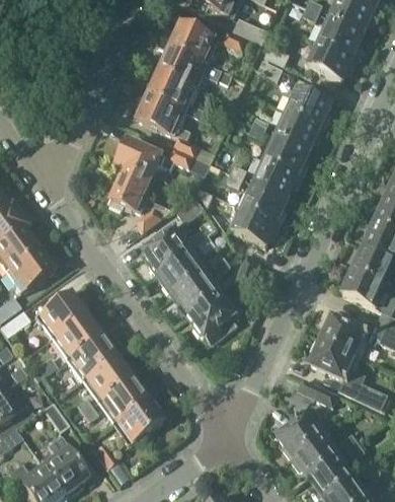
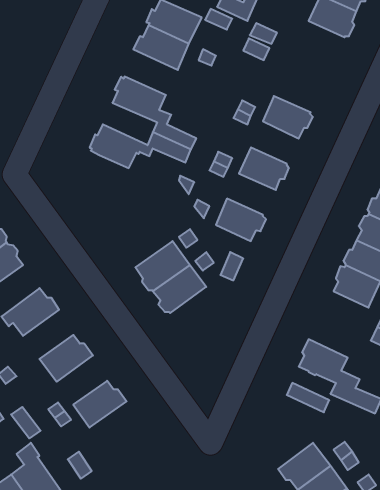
building: [307,42,353,81] -> none
building: [147,68,214,123] -> none
building: [286,87,331,127] -> none
building: [264,135,309,174] -> none
building: [108,166,171,230] -> none
building: [242,184,288,222] -> none
building: [142,197,204,271] -> none
building: [189,289,238,341] -> none
building: [53,310,99,356] -> none
building: [318,315,366,355] -> none
building: [84,353,131,399] -> none
building: [114,396,162,445] -> none
building: [276,404,329,458] -> none

